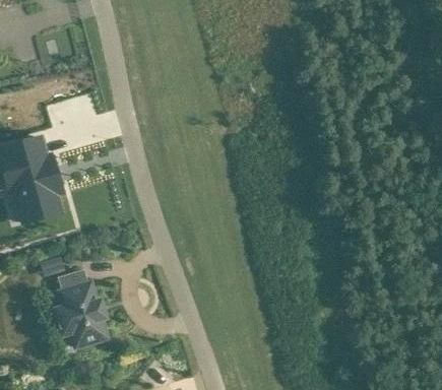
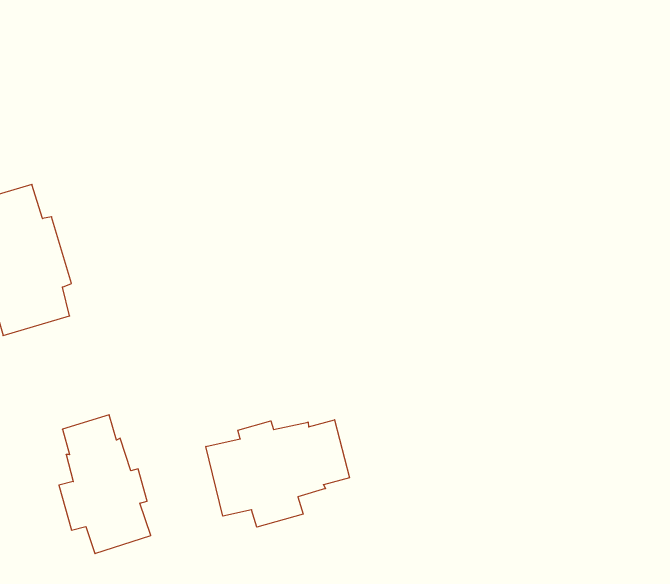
building: none -> [206,420,349,527]

